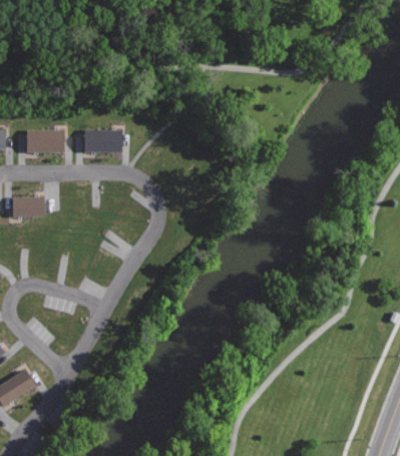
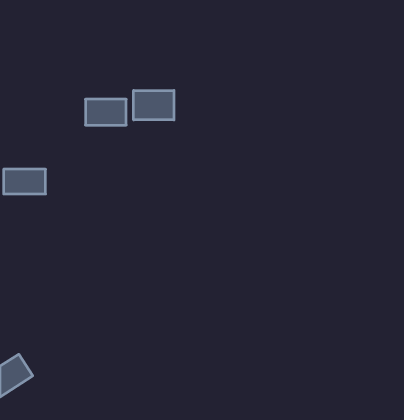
building: none -> [134,90,174,120]
building: [26,129,65,152] -> none

